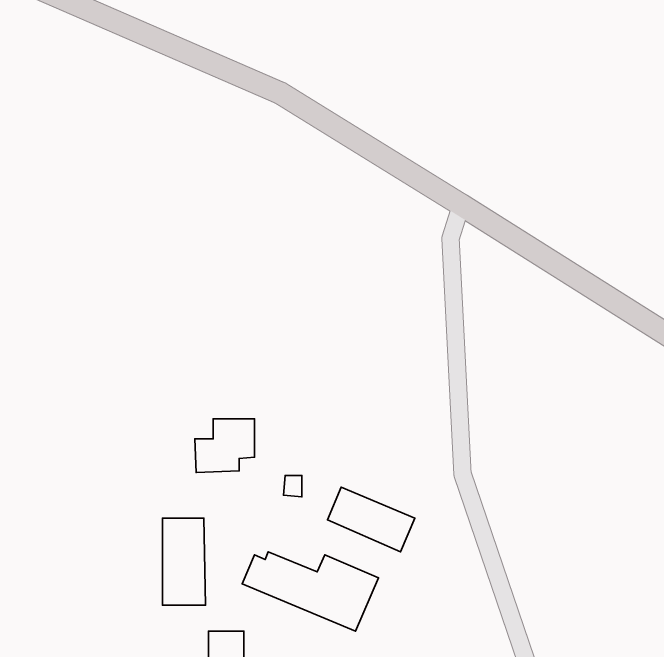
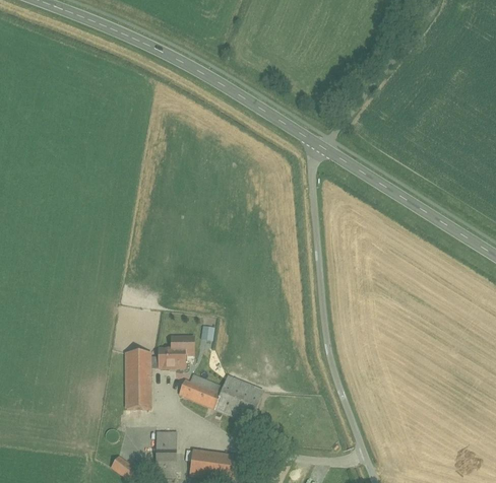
building: [195,419,254,472] -> [156,332,195,367]
building: [327,487,415,552] -> none

